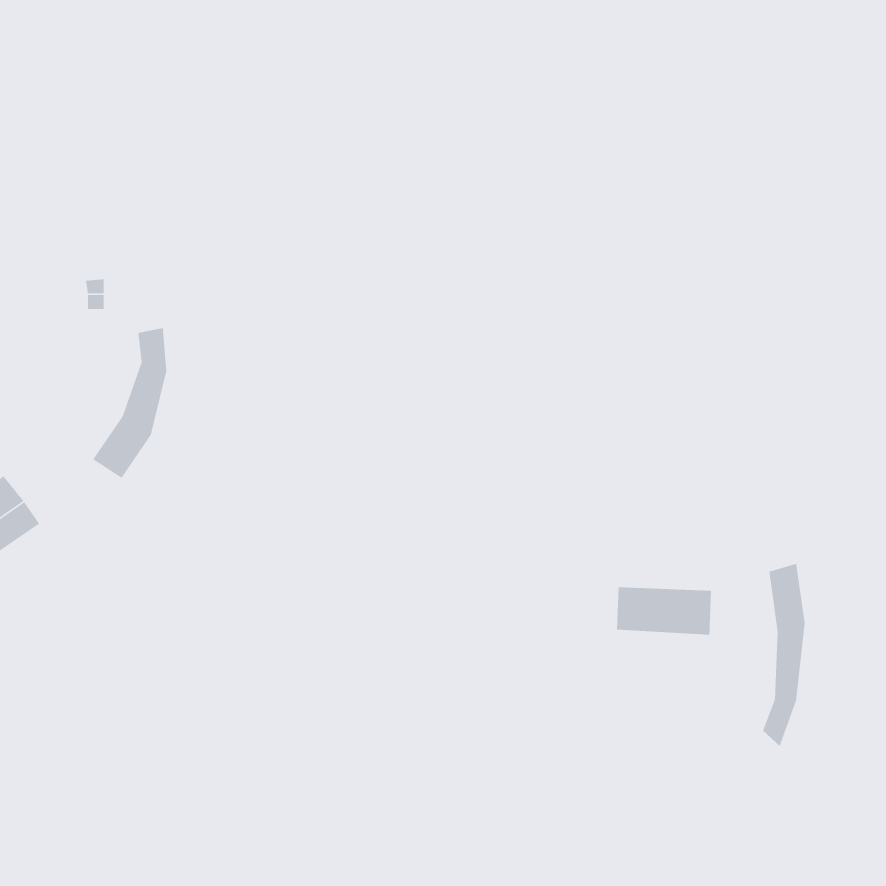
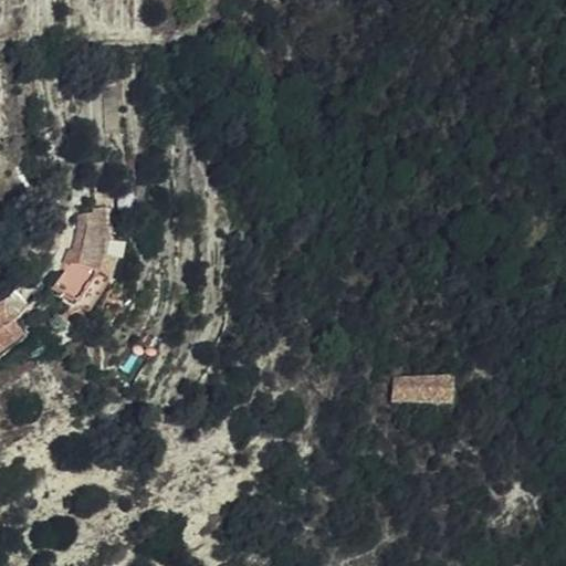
building: [762,563,805,747] -> none

